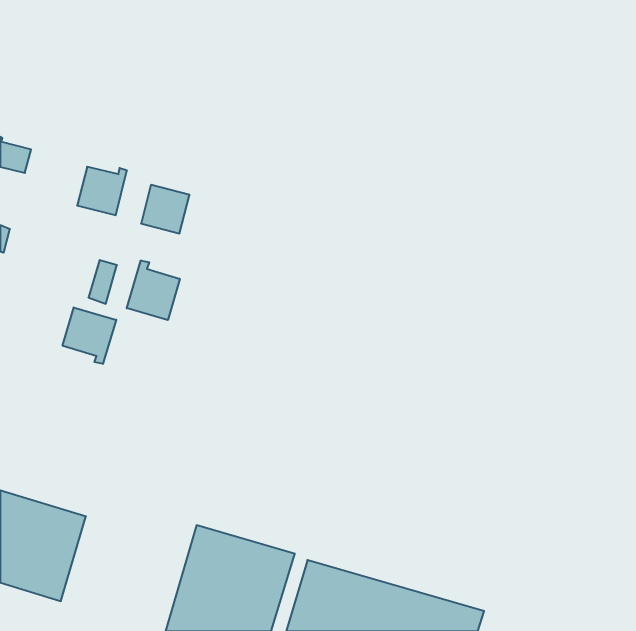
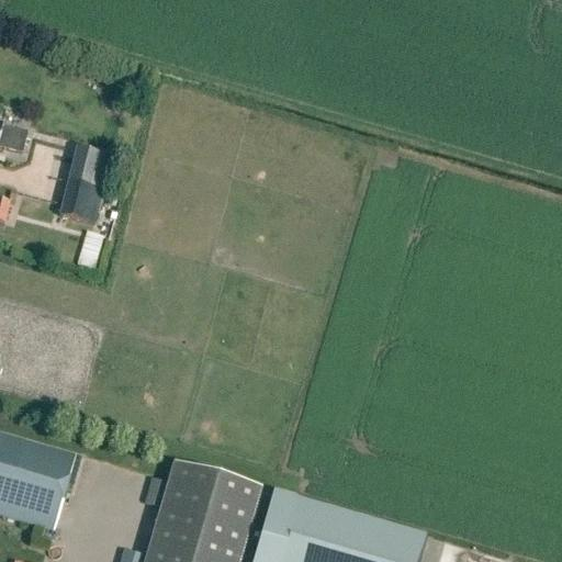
building: [141,185,190,233] -> [59,181,102,224]
building: [127,260,180,320] -> none
building: [63,307,116,364] -> none

